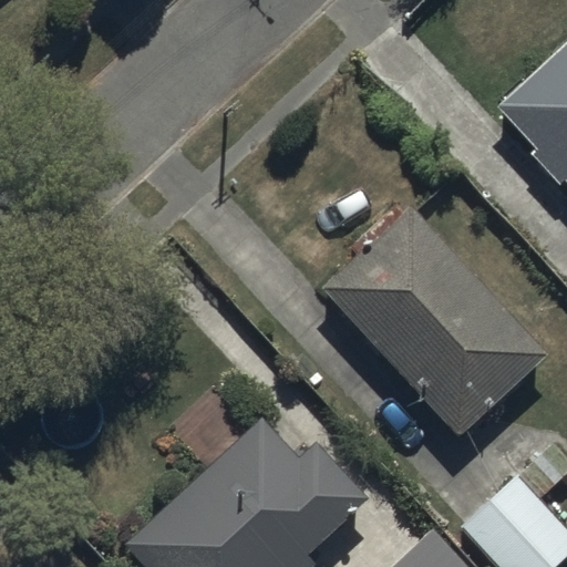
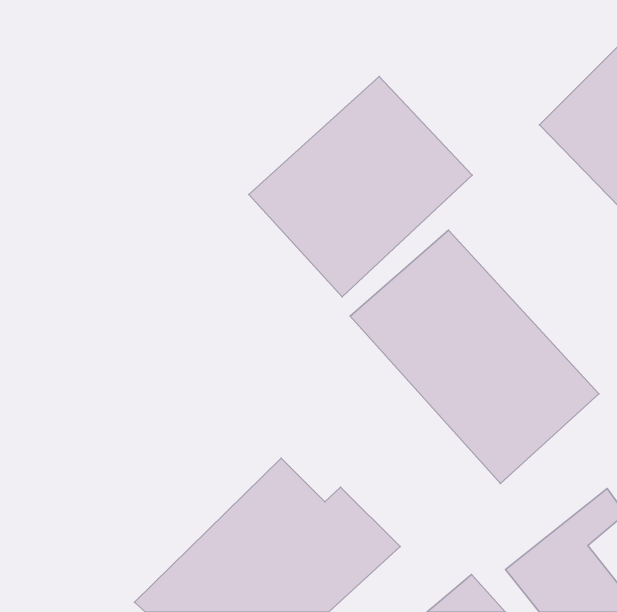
building: none -> [249,76,472,297]

